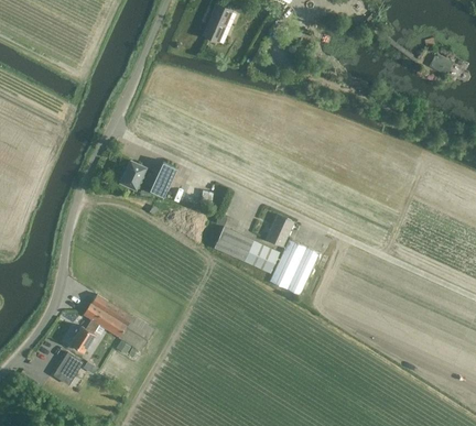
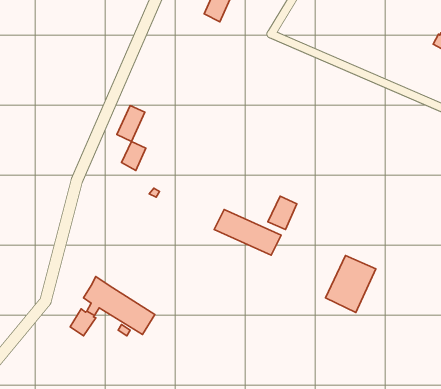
building: [150,162,177,197] -> [117,106,145,141]
building: [269,240,318,296] -> [326,256,376,312]
building: [51,352,82,385] -> none

